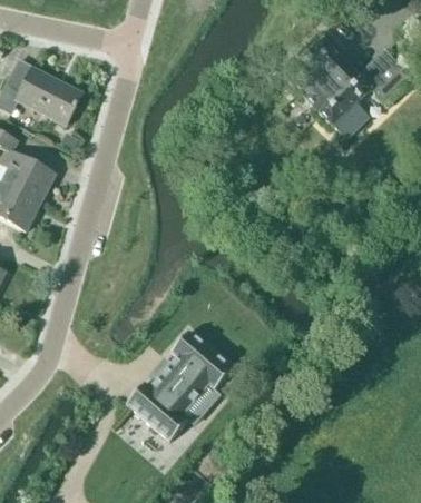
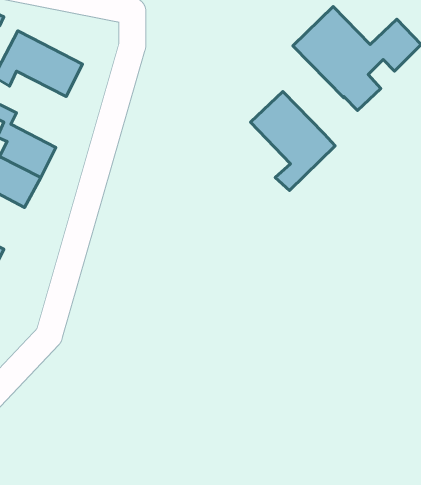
building: none -> [250,92,335,191]
building: [126,329,233,441] -> none

